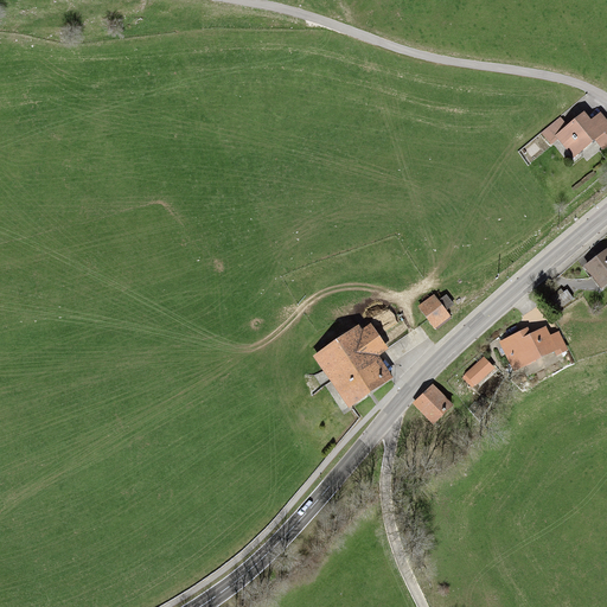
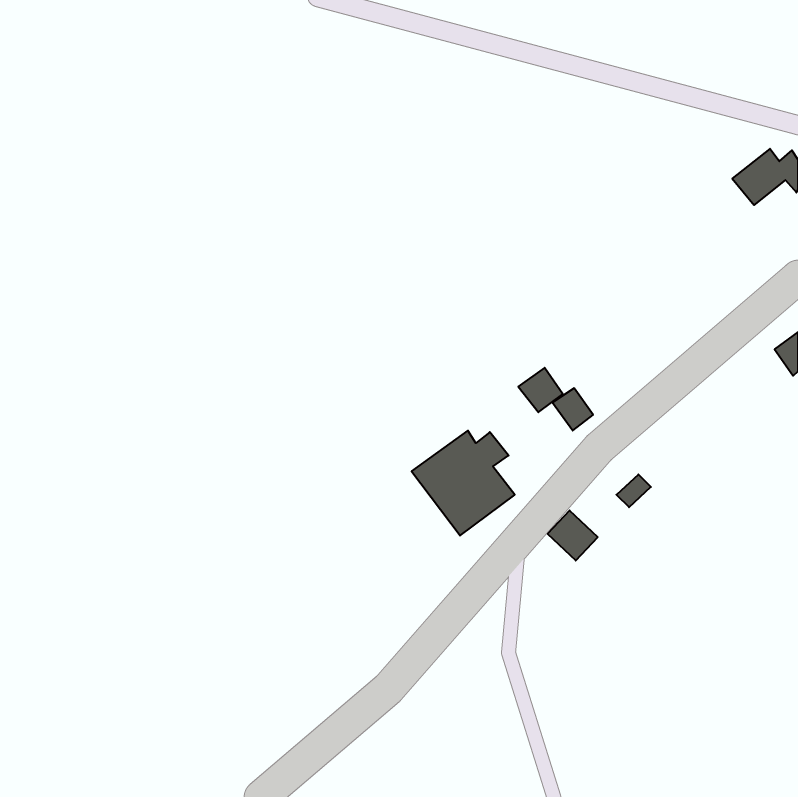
building: none -> [518,368,563,412]
building: [503,328,566,366] -> none

